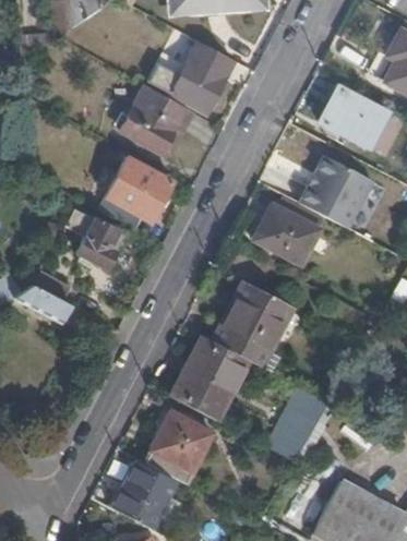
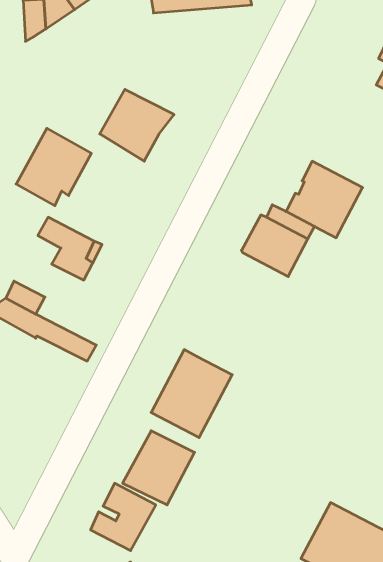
building: [145,40,235,116] -> none
building: [321,87,385,146] -> none
building: [98,157,170,231] -> [16,128,91,206]
building: [214,280,290,365] -> none
building: [267,386,330,461] -> none

